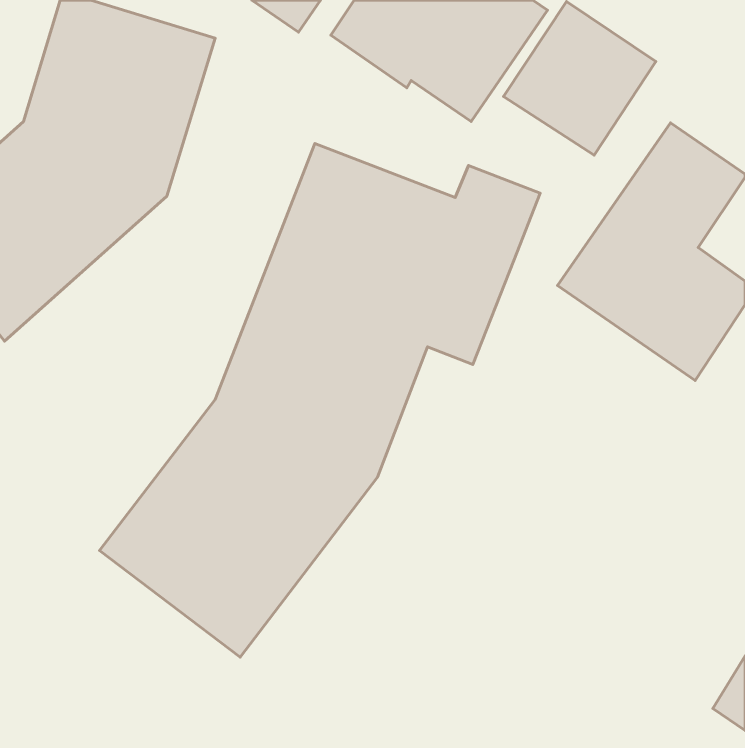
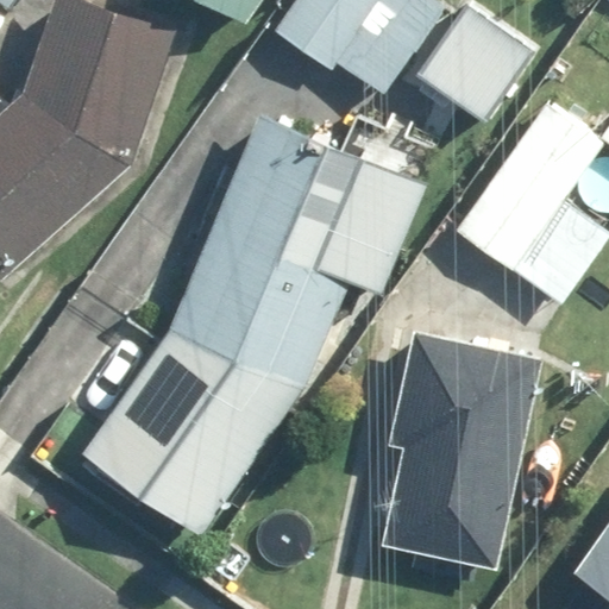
building: none -> [388,338,532,564]

